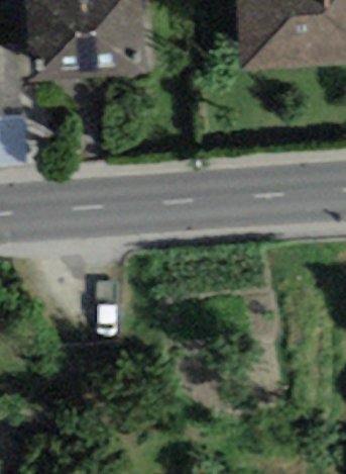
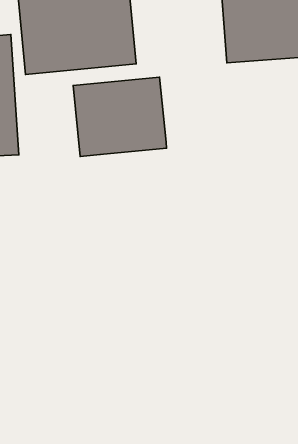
building: none -> [73,77,166,157]

